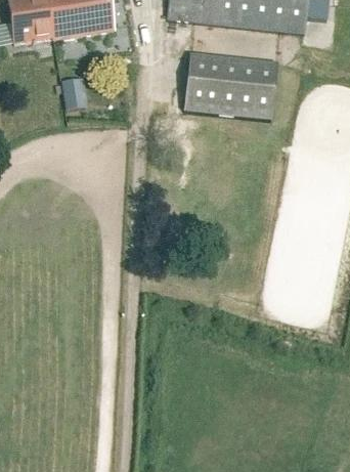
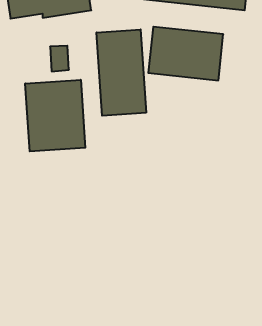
building: none -> [97,29,146,116]
building: none -> [25,80,85,151]

